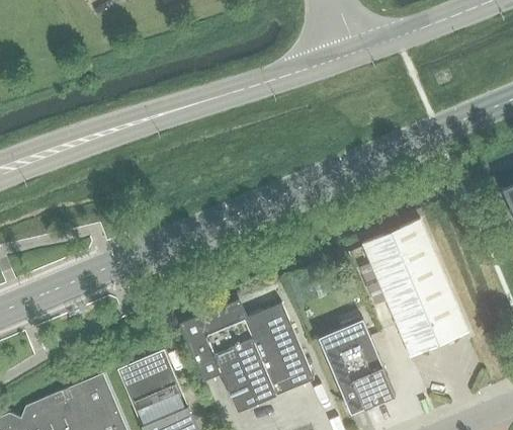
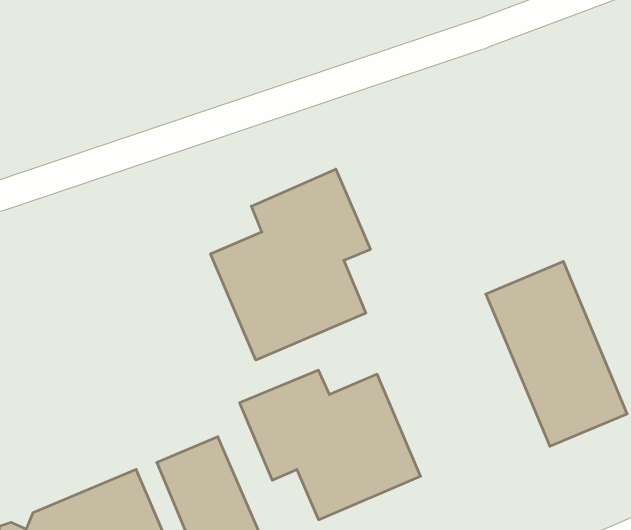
building: none -> [211,169,370,360]
building: [318,319,395,414] -> none

